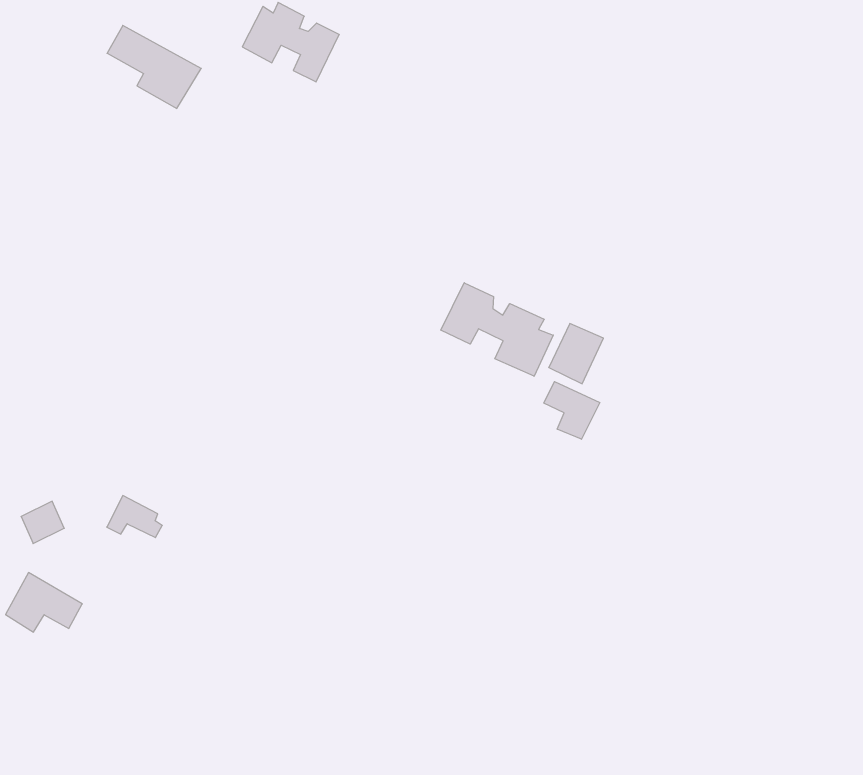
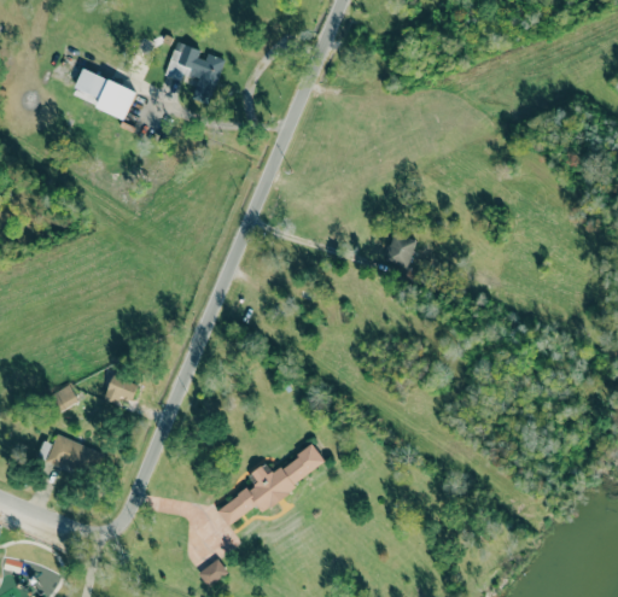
building: [441,283,553,376] -> none
building: [544,382,600,439] -> none
building: none -> [214,439,331,531]

